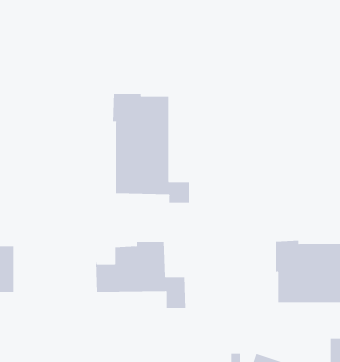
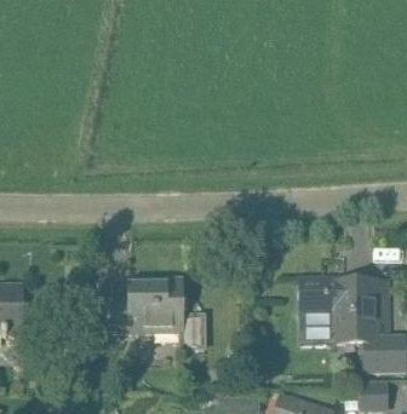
building: [113,93,189,204] -> none

